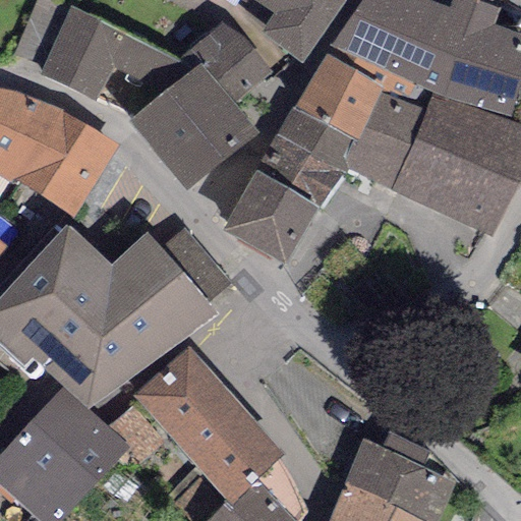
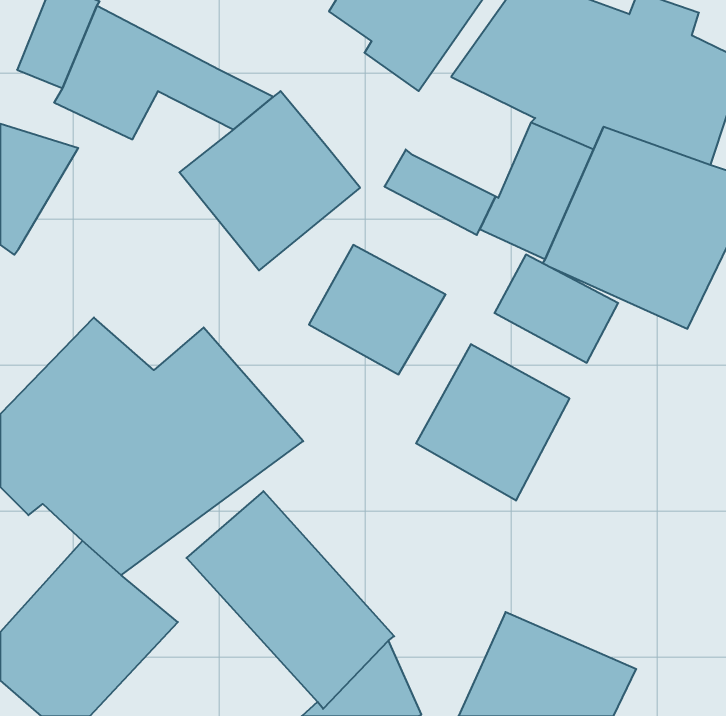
building: [187,20,272,103] -> none
building: [296,55,384,141] -> none
building: [14,106,117,214] -> none
building: [253,133,342,211] -> [494,255,618,363]
building: none -> [416,344,569,501]

